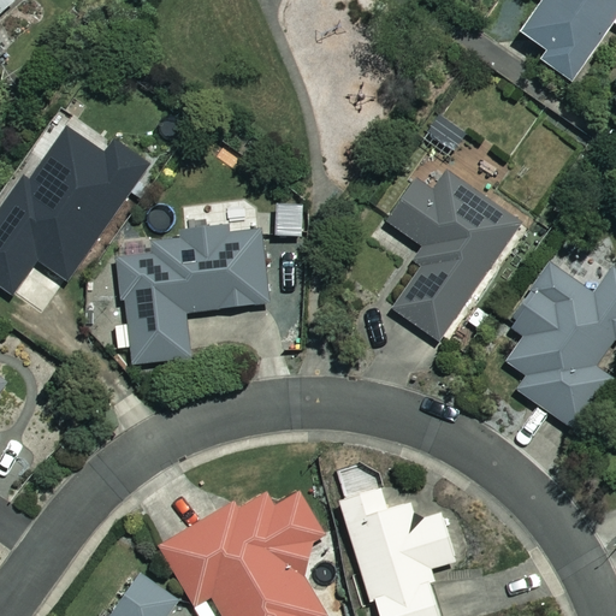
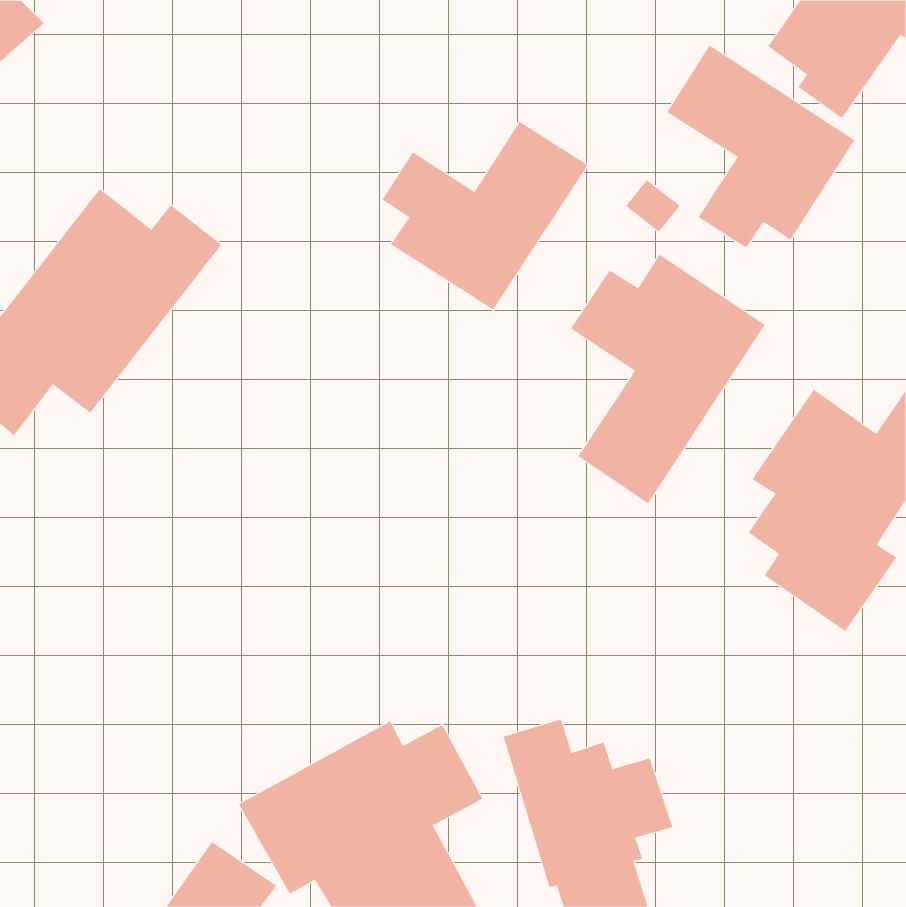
building: none -> [667,45,855,248]
building: none -> [382,121,589,311]
building: [116,226,268,365] -> none

